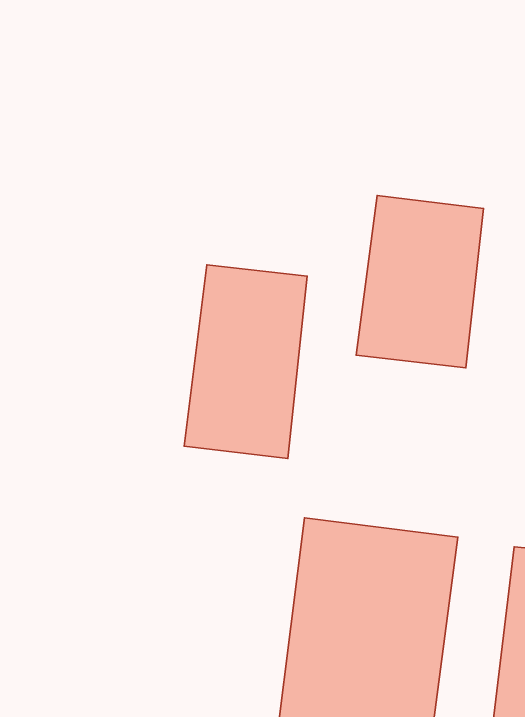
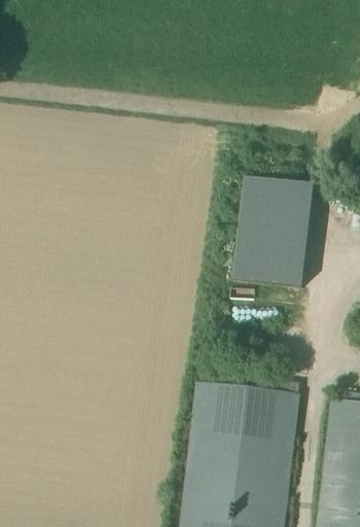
building: [184,265,307,458] -> none

